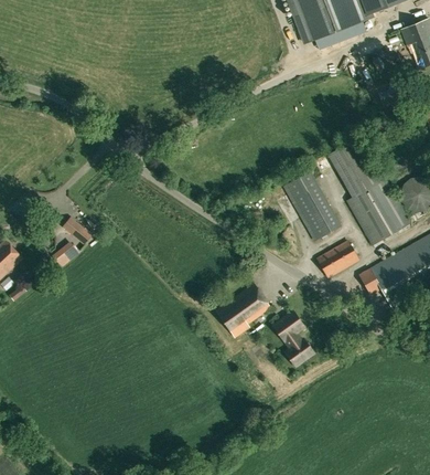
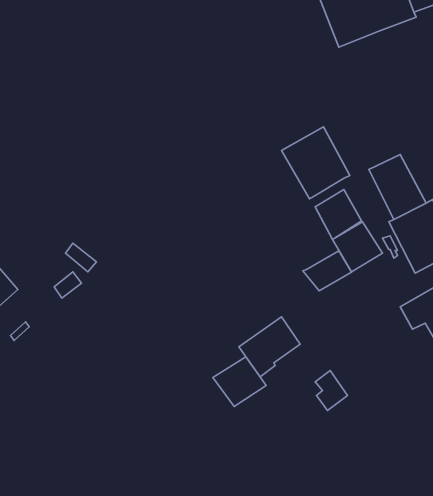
building: none -> [282,127,350,199]
building: [314,241,357,276] -> [303,251,351,291]
building: [272,312,302,340] -> none
building: none -> [213,357,266,407]

